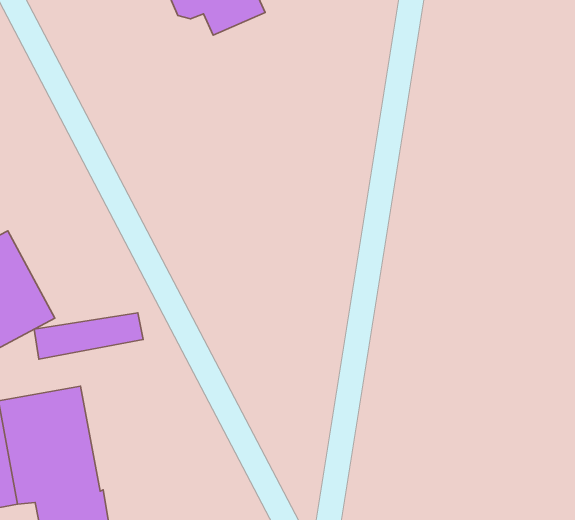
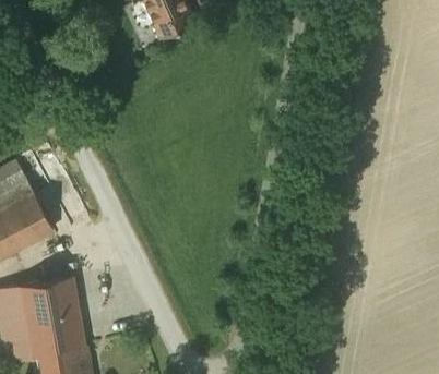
building: [34,313,143,359] -> none

